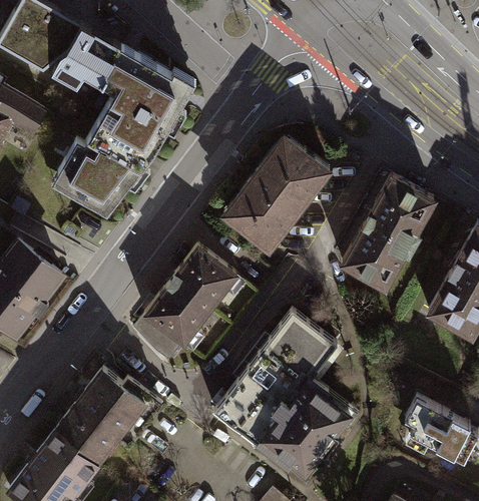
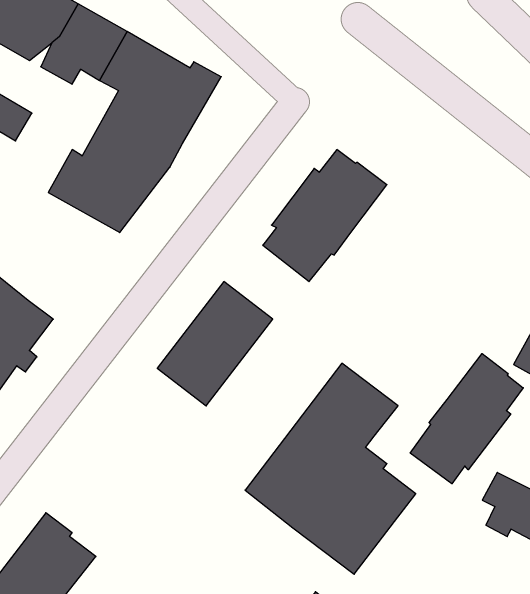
building: [341,176,433,288] -> none
building: none -> [410,354,523,484]
building: [131,315,182,363] -> none
building: [54,369,160,465] -> none

